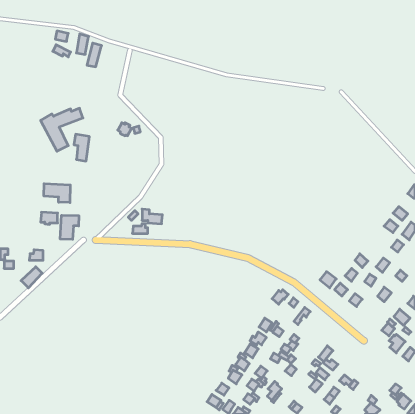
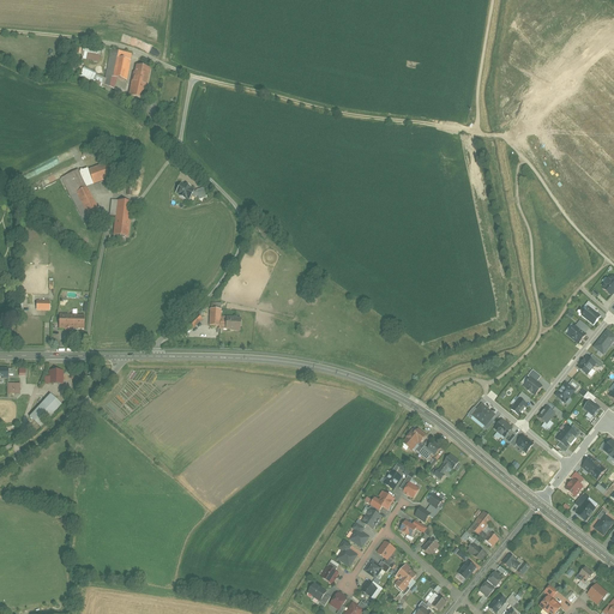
building: [44,184,70,203] -> none
building: [60,215,79,239] -> none

